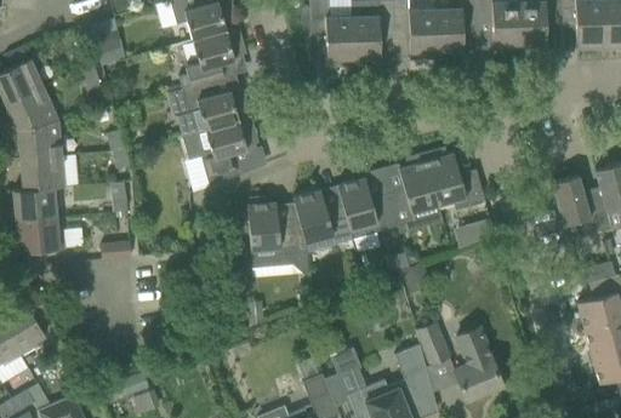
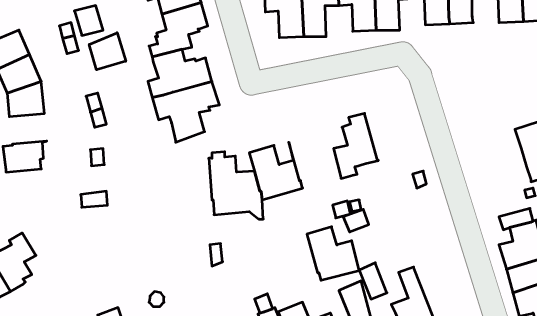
building: none -> [89,33,126,70]
building: [423,147,485,210] -> none
building: [19,153,62,188] -> none
building: [551,174,613,235] -> none
building: [337,177,397,237] -> [307,227,359,280]
building: [16,216,63,252] -> none

